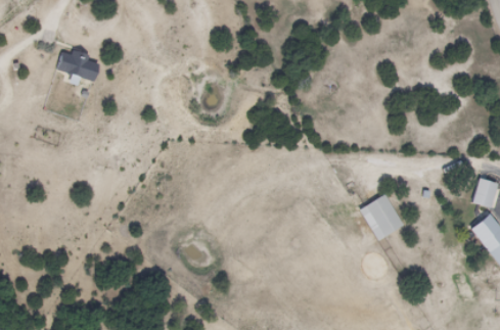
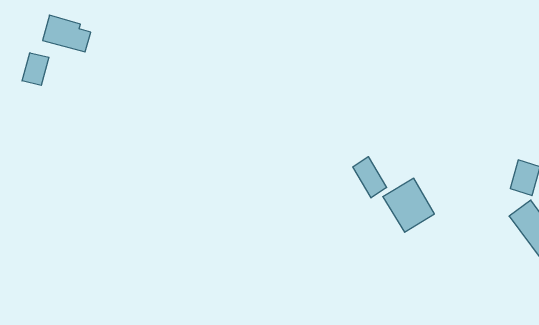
building: none -> [22,53,49,85]
building: none -> [353,157,387,198]

